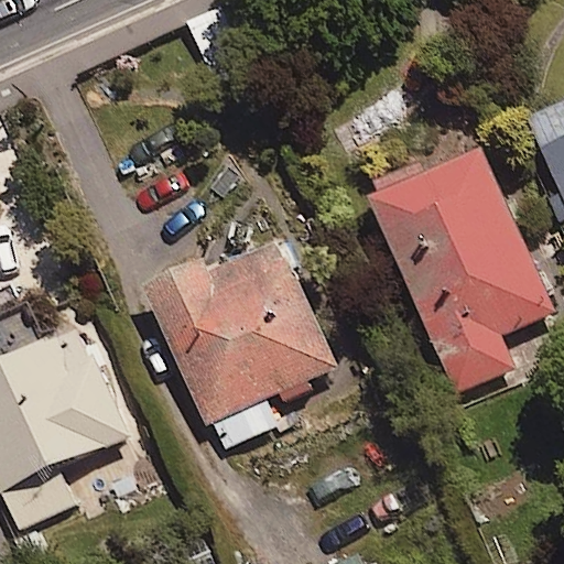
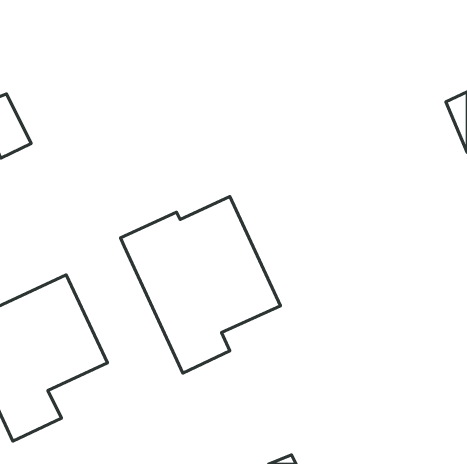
building: [368,147,552,393] -> none

